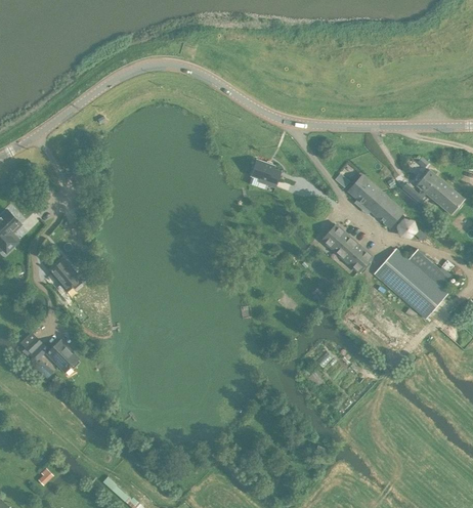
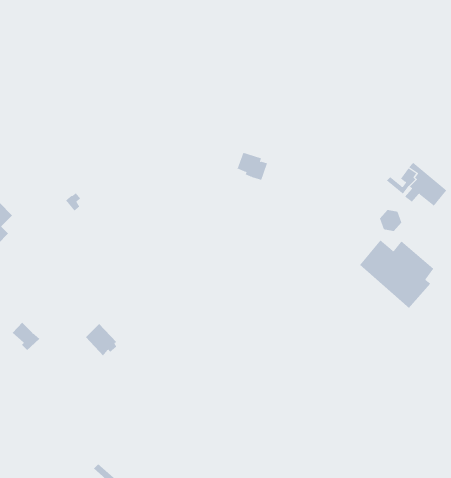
building: [347,173,402,226] -> none
building: [320,222,371,271] -> none
building: [48,257,80,290] -> none
building: [45,338,78,372] -> [85,323,117,356]

